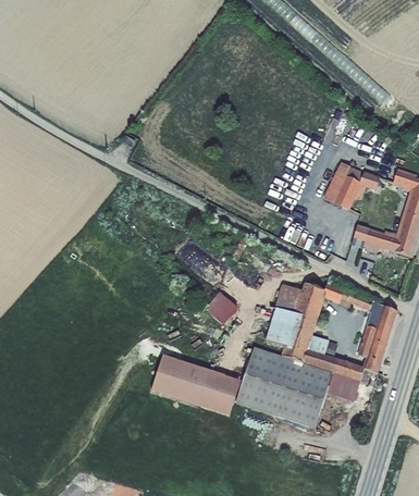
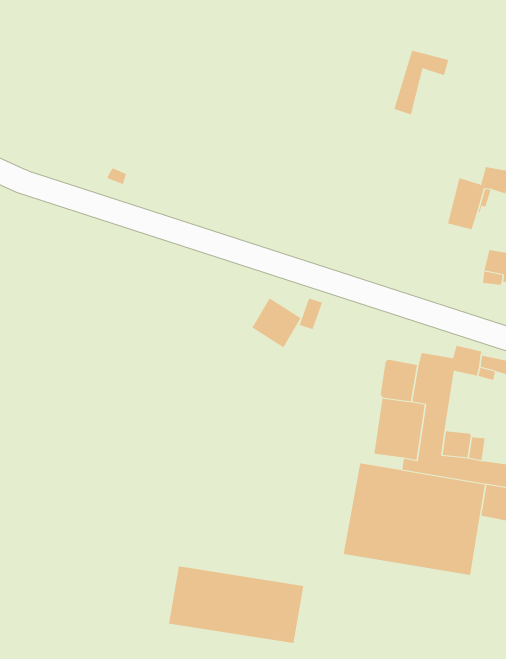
building: [323,162,363,203] -> [393,50,449,115]
building: [205,292,237,325] -> [252,297,301,348]
building: [150,356,241,417] -> [168,566,304,644]

